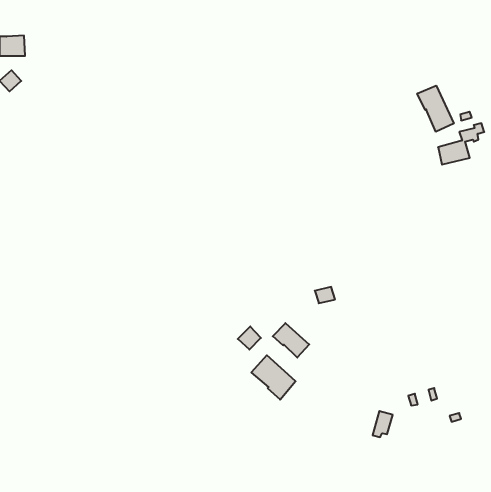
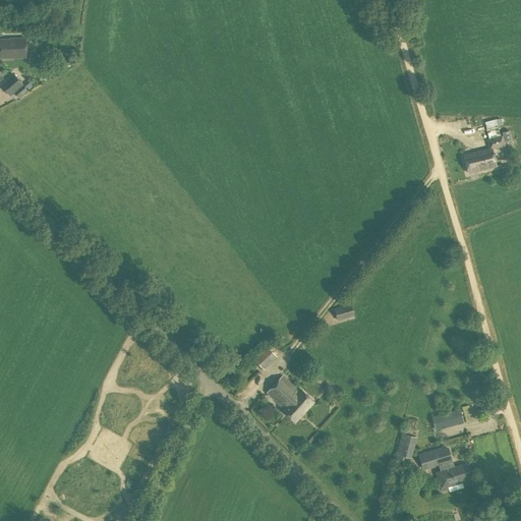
building: [417,86,454,132] -> none
building: [273,323,309,358] -> none
building: none -> [418,447,471,487]

